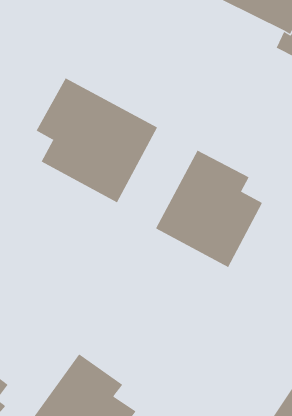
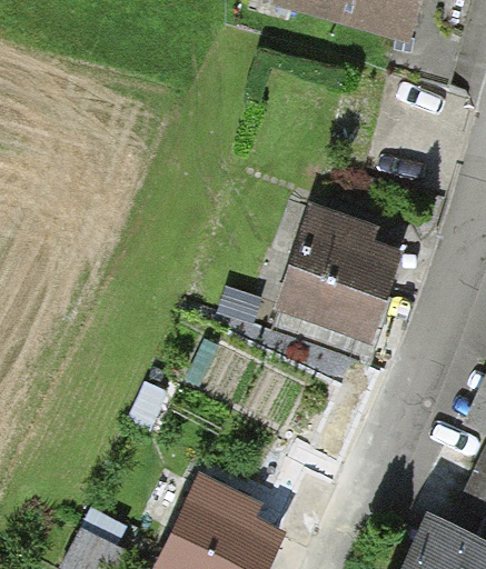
building: [36,78,158,203] -> none

